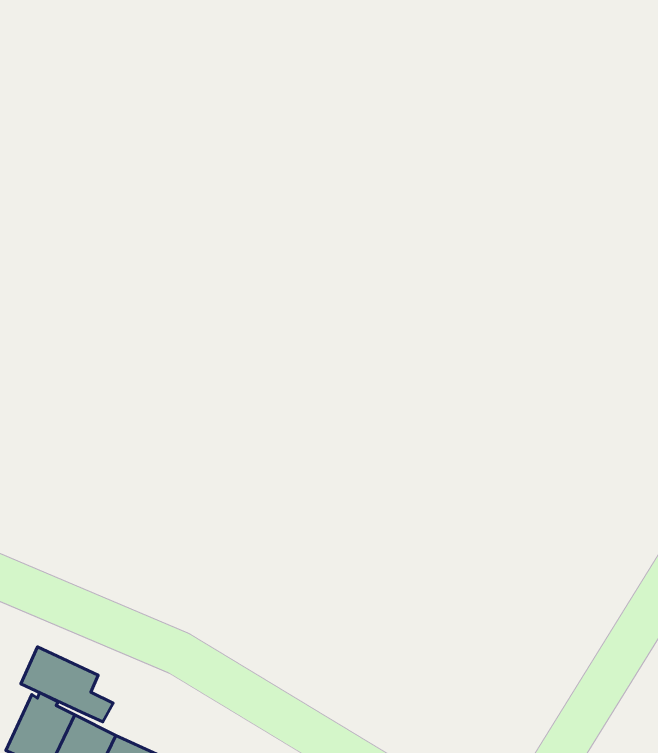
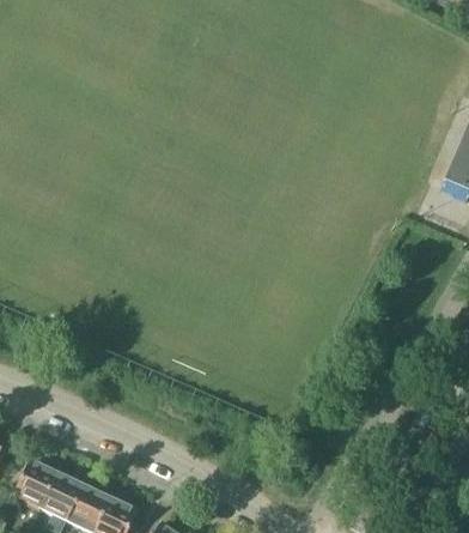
building: [21,647,113,722] -> none

